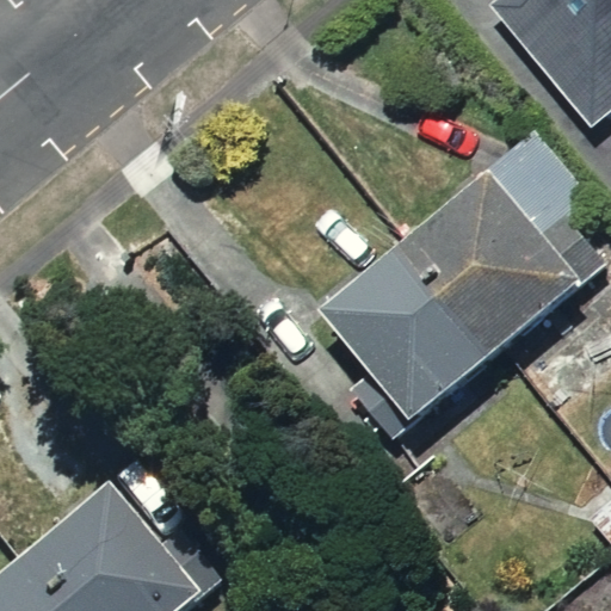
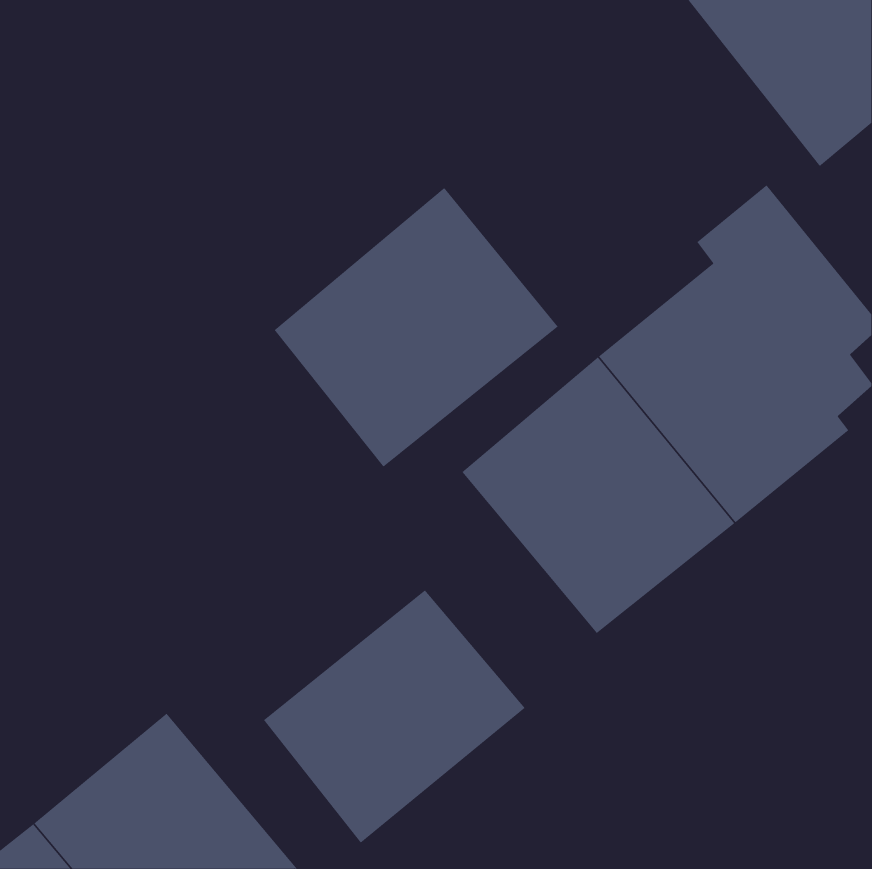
building: none -> [274,187,559,468]
building: none -> [263,589,526,843]

